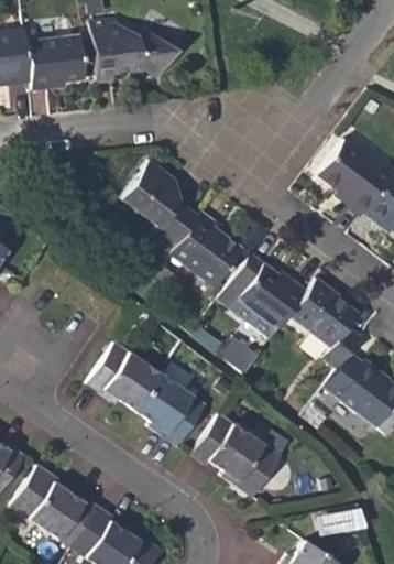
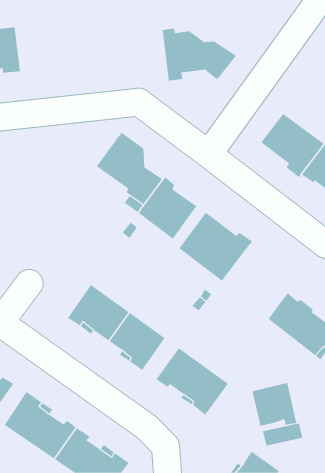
building: [91,21,180,84] -> [162,28,237,81]
building: [26,36,86,90] -> none
building: [288,275,359,365] -> none
building: none -> [252,382,297,427]

